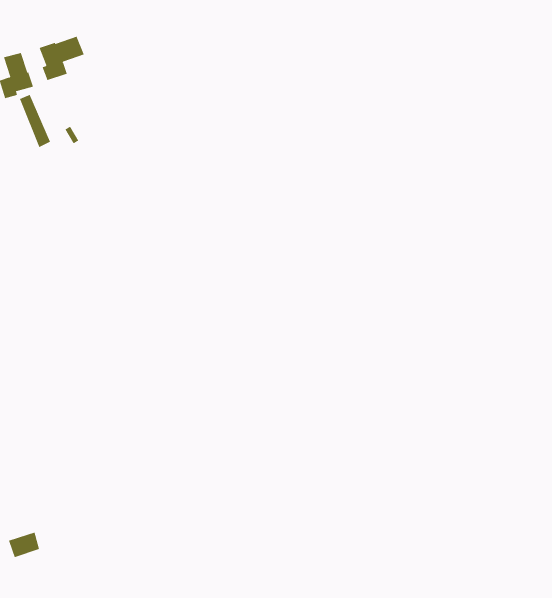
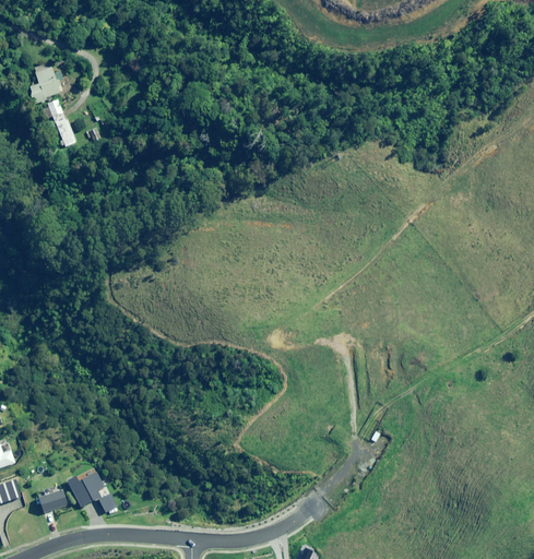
building: [39,36,85,81] -> none
building: none -> [66,467,116,512]

